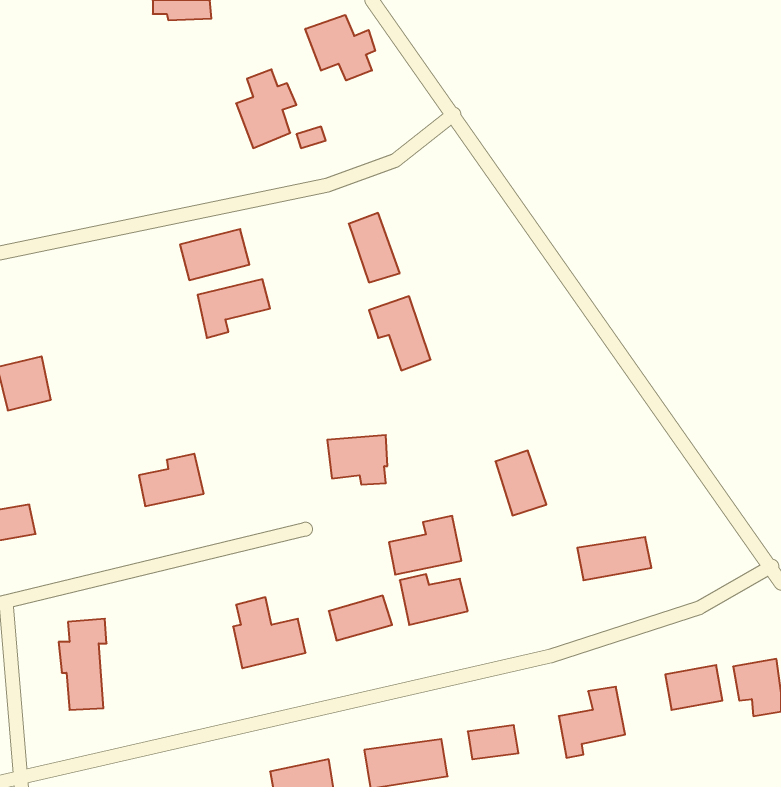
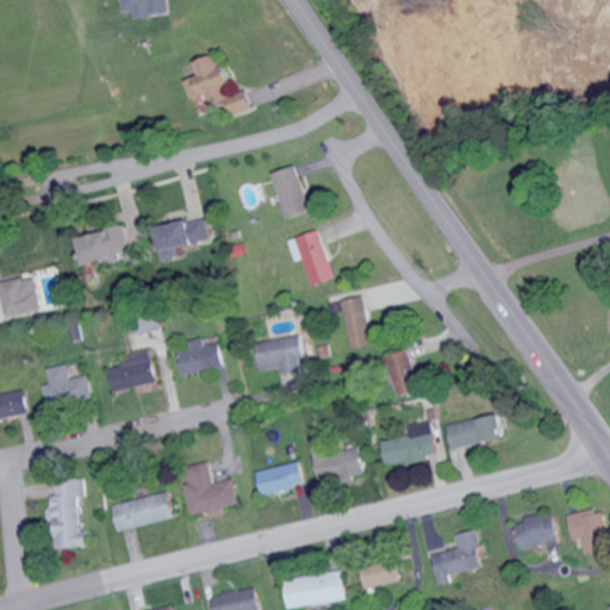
building: [305,15,375,80] -> none
building: [180,229,249,280] -> [75,226,129,266]
building: none -> [342,298,366,349]
building: none -> [176,340,222,374]
building: none -> [41,365,91,407]
building: [389,516,461,575] -> [380,422,436,467]
building: none -> [110,492,173,533]

